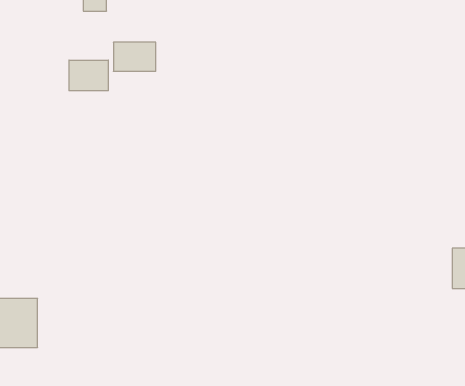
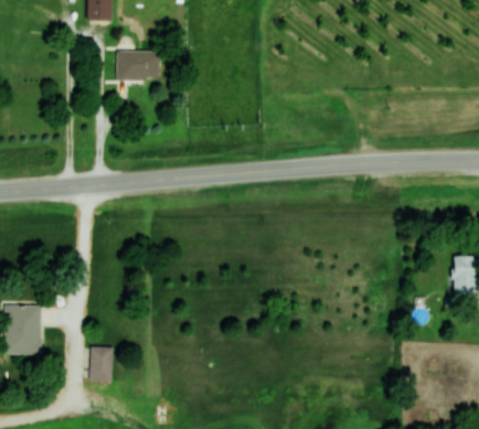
building: [69,60,108,91] -> none
building: none -> [89,345,113,379]

